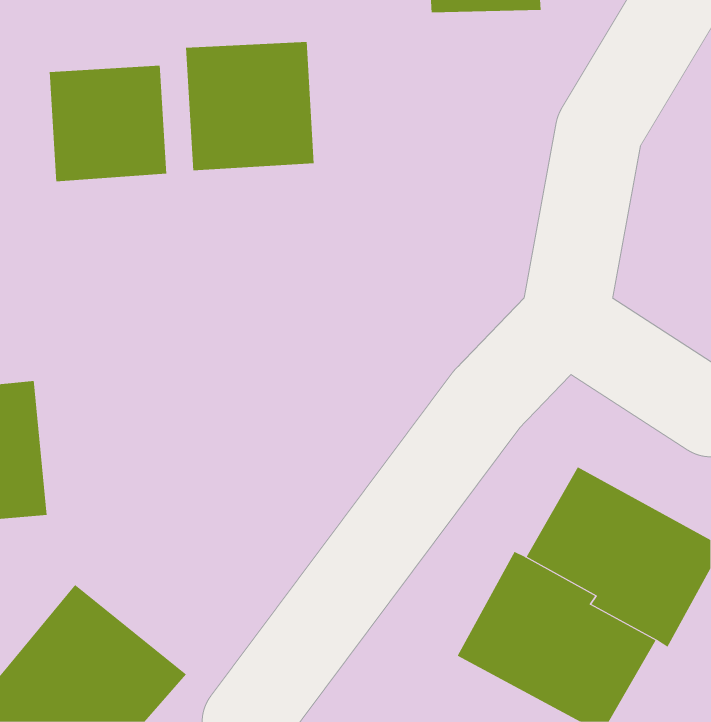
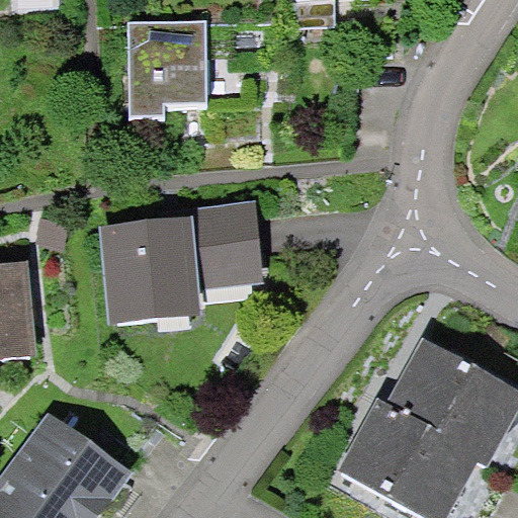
building: [49,65,167,182] -> none
building: none -> [108,202,266,323]

